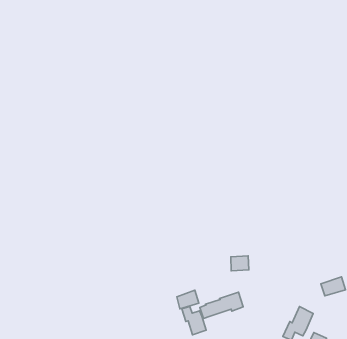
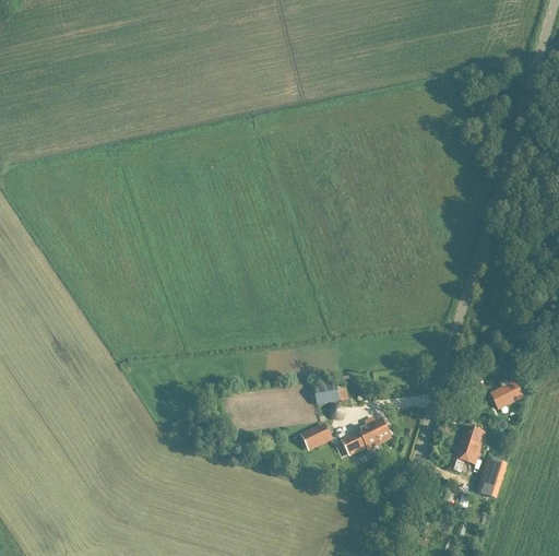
building: [231,256,249,271] -> [313,381,340,404]
building: [182,306,206,335] -> none

